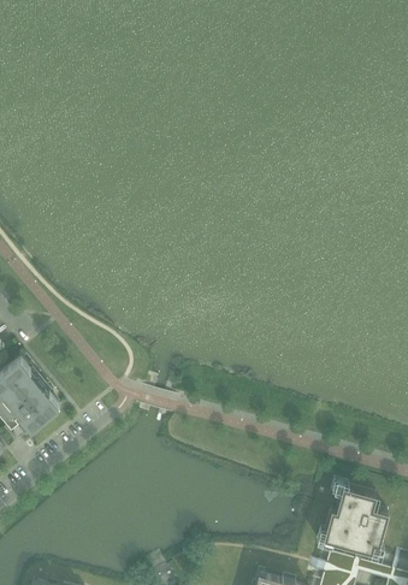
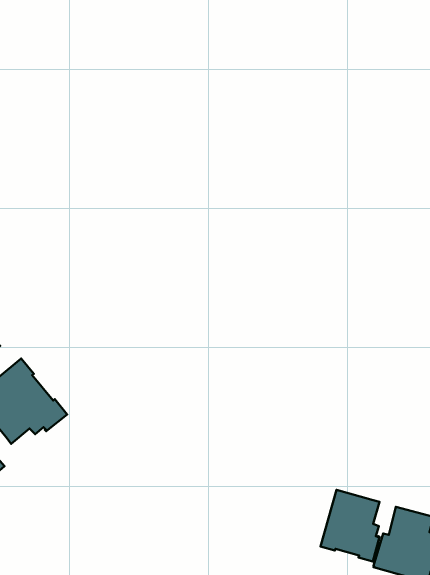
building: none -> [320,490,380,561]

